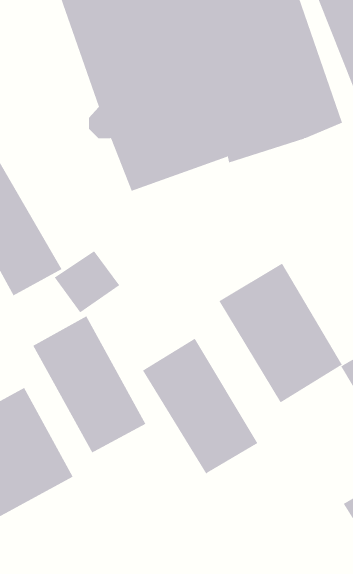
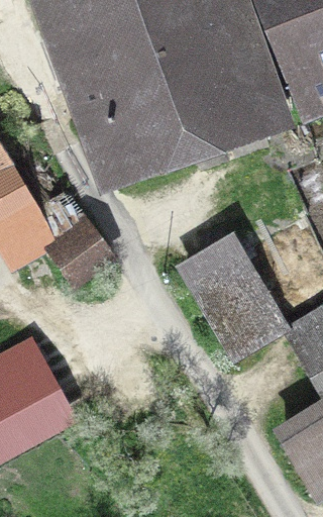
building: [32,315,146,453] -> none
building: [142,338,258,475] -> none

